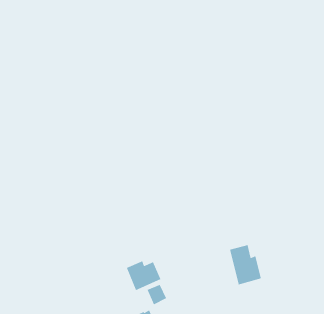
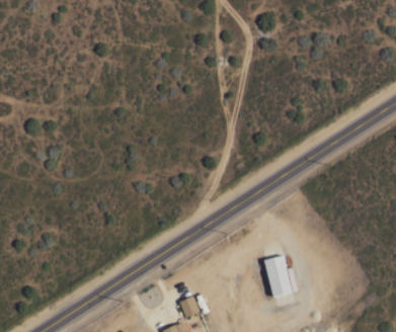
building: [126,260,161,291] -> none

